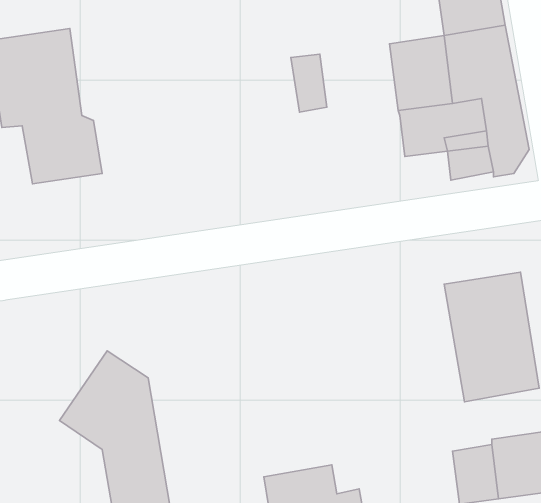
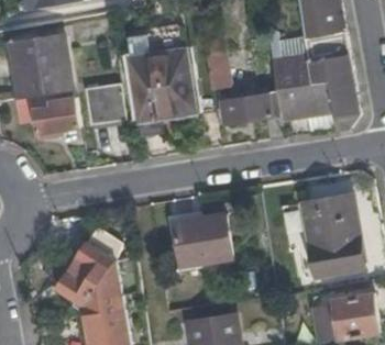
building: none -> [127,27,195,135]
building: none -> [85,81,128,123]
building: none -> [221,90,283,140]
building: none -> [174,215,231,267]

